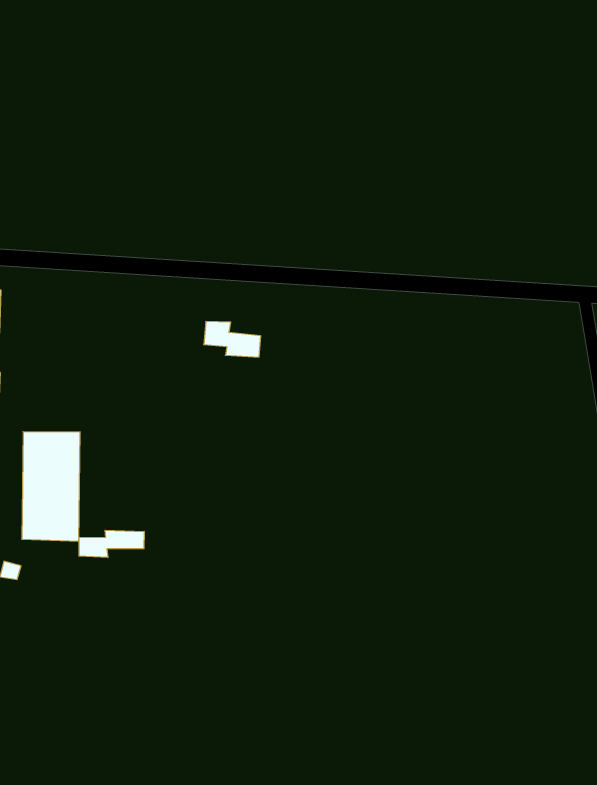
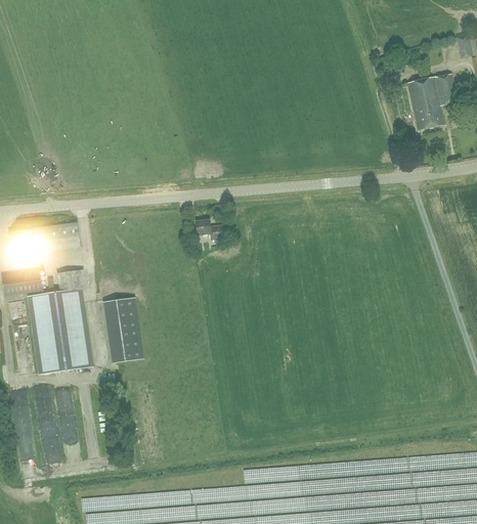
building: [79,530,144,558] -> none

